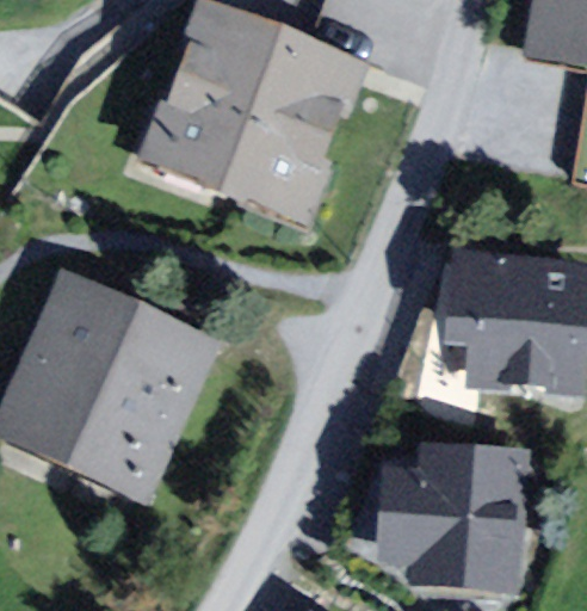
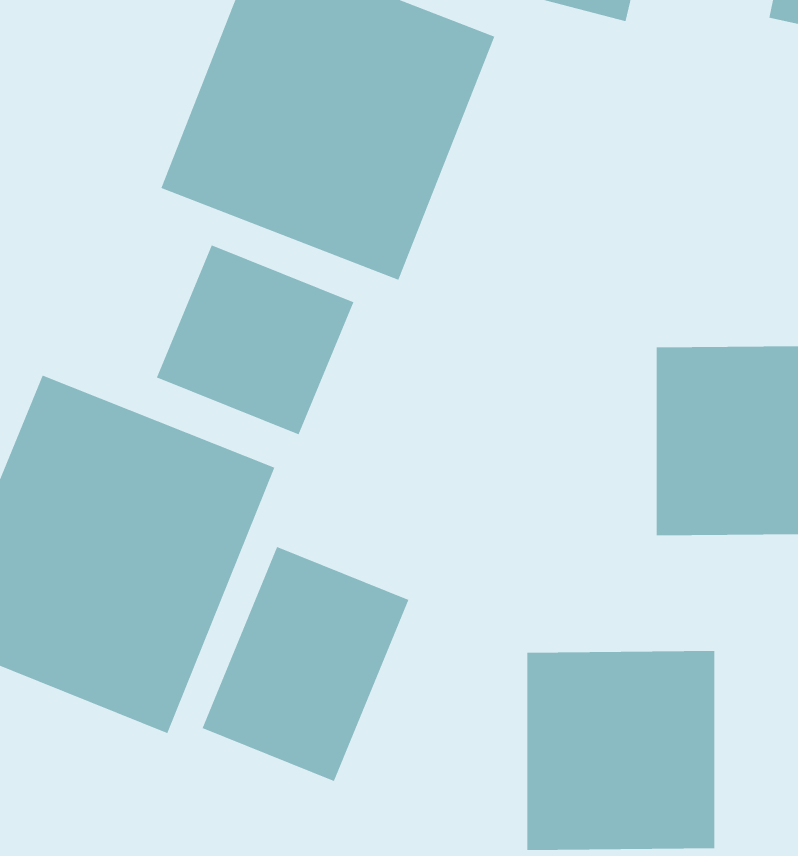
building: none -> [156,244,354,435]
building: none -> [202,546,409,782]

